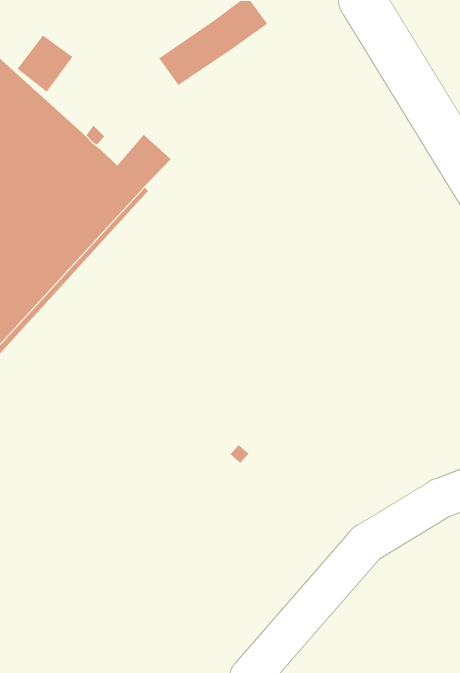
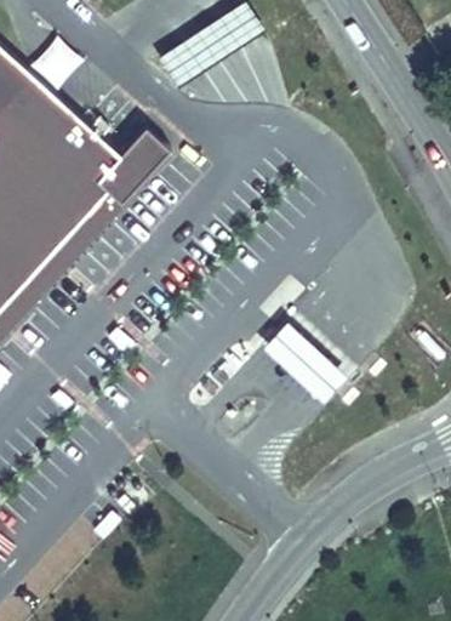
building: none -> [262,321,346,403]

